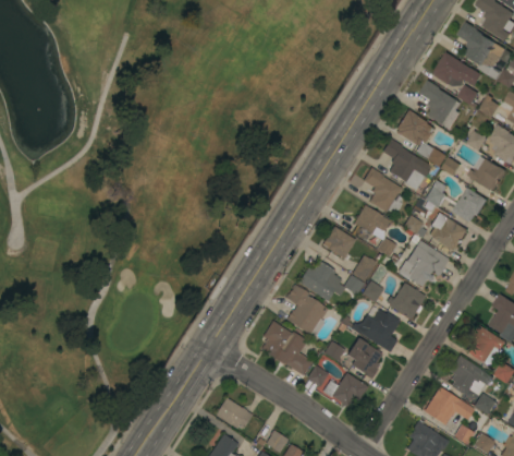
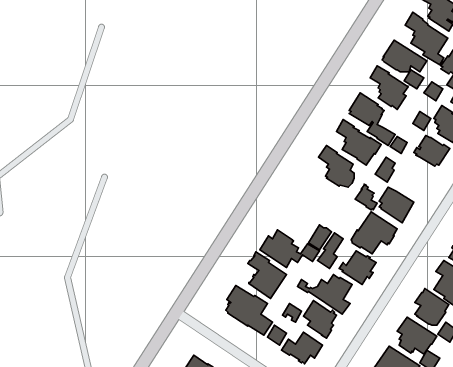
building: [452,187,487,221] -> none
building: [354,204,396,256] -> none
building: [322,226,355,260] -> none

